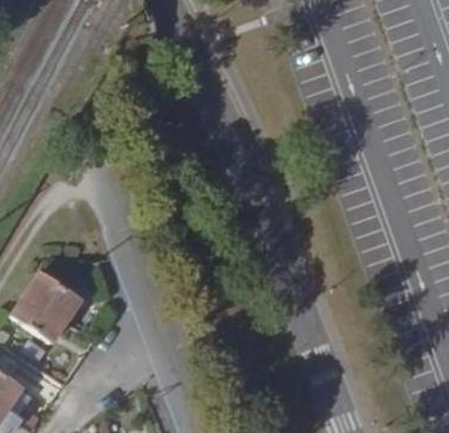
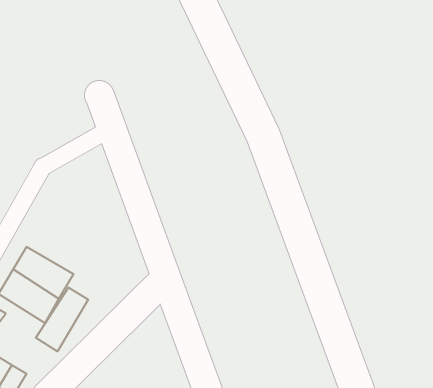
building: none -> [36,287,88,351]

